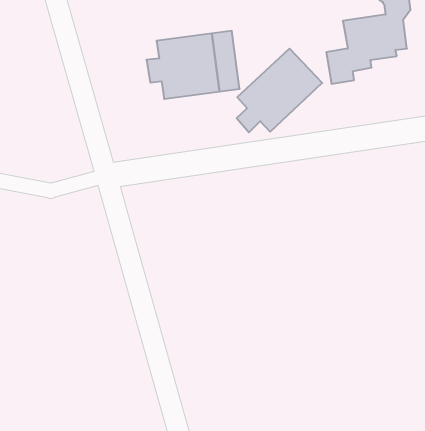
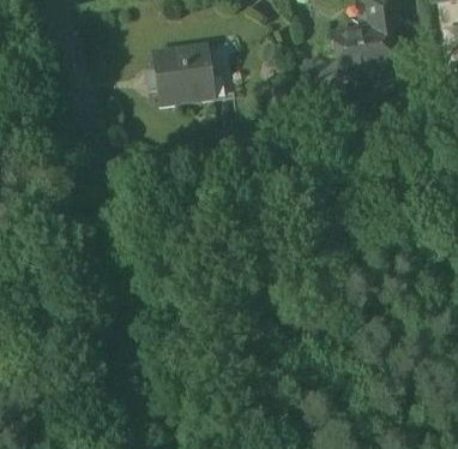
building: [237,49,322,132] -> none

